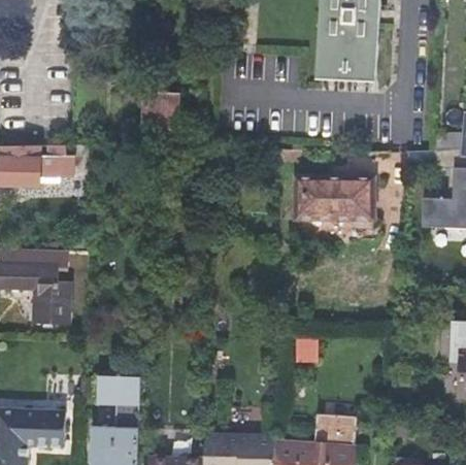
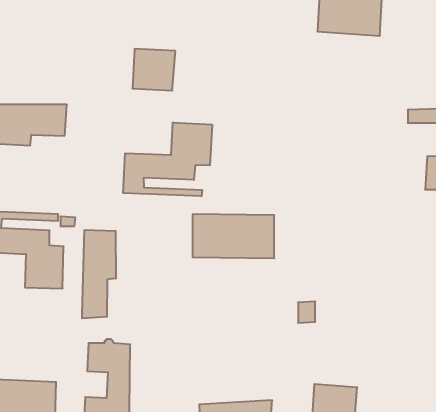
building: none -> [123,122,212,196]
building: [290,176,368,219] -> [193,214,274,258]
building: none -> [82,230,116,318]

